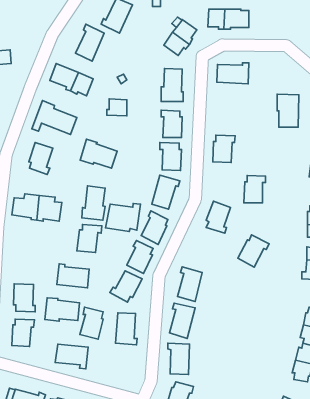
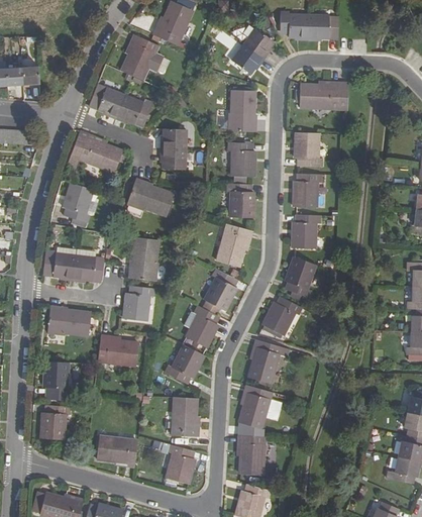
building: [277,94,299,127] -> [296,125,323,167]
building: none -> [161,148,186,170]
building: [244,175,266,203] -> [293,214,320,248]
building: [106,203,140,232] -> none
building: [238,235,269,267] -> [262,296,302,336]
building: [45,298,79,321] -> [47,306,91,335]
building: [80,307,103,339] -> [166,444,195,485]

